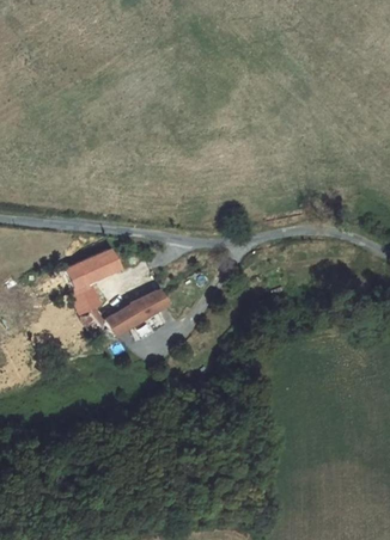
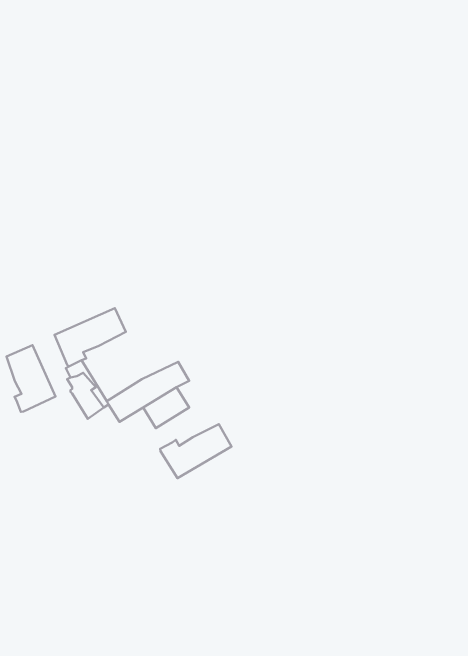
building: none -> [6,345,56,412]
building: none -> [160,424,231,478]

